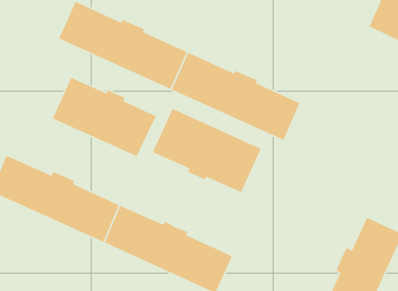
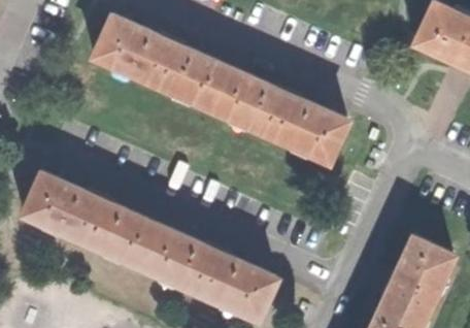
building: [52,77,157,157] -> none
building: [152,108,262,193] -> none

